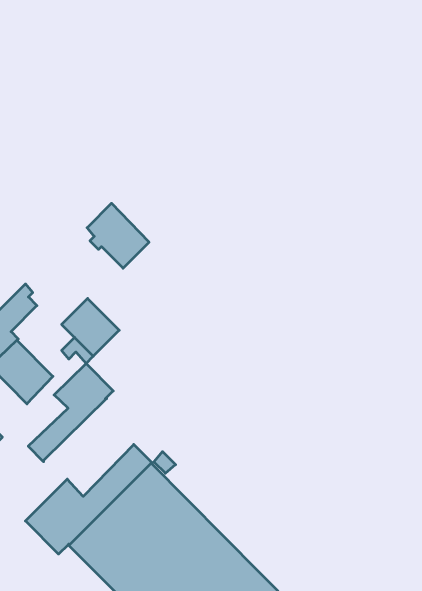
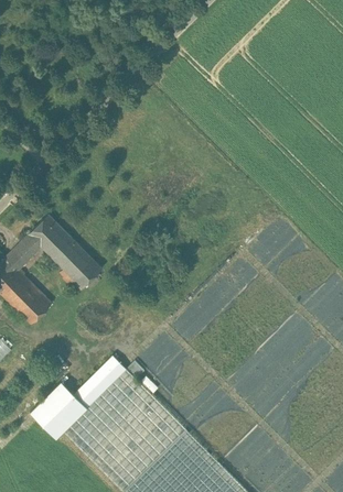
building: [87,203,149,268] -> [30,215,77,264]
building: [28,363,113,462] -> none

